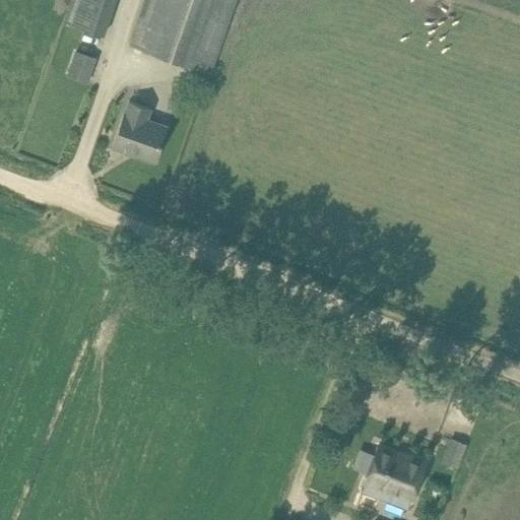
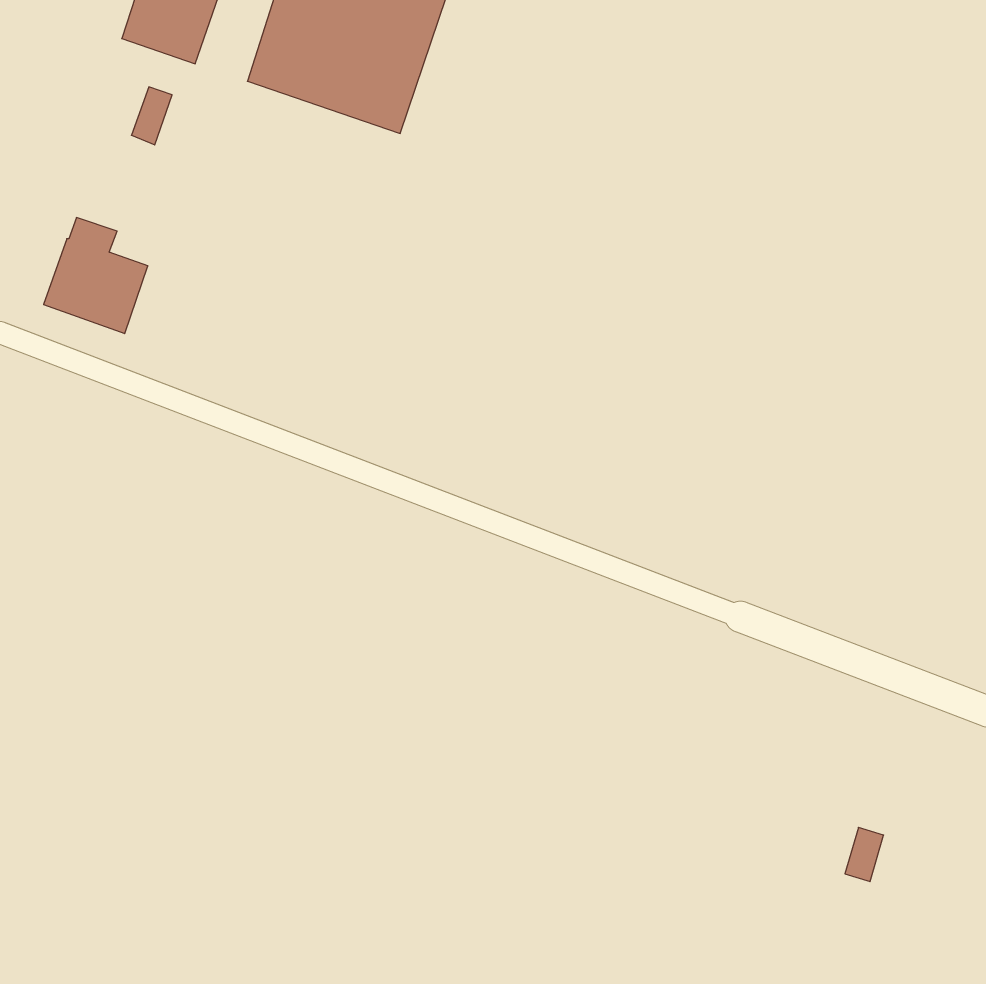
building: [113,99,168,159] -> [44,218,148,334]
building: [363,442,427,506] -> none

